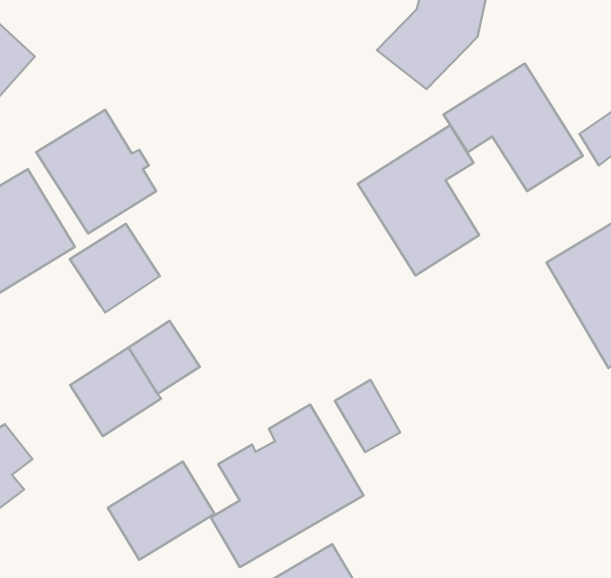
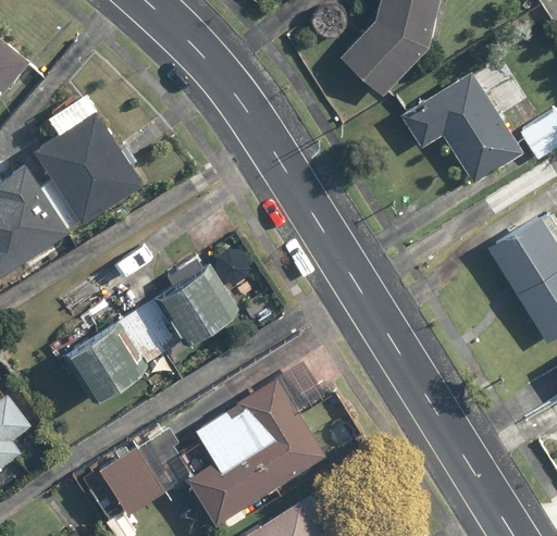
building: [358,125,479,275] -> none
building: [70,224,160,313] -> [153,270,234,349]
building: [335,380,400,452] -> none

